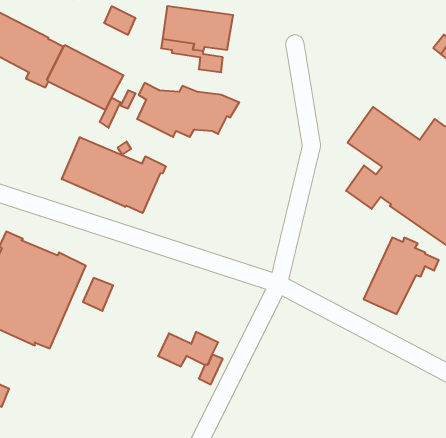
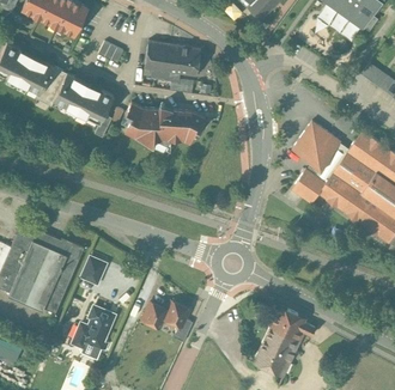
building: [62,137,166,213] -> none
building: [364,238,439,314] -> [256,310,316,371]
building: none -> [73,307,116,352]

